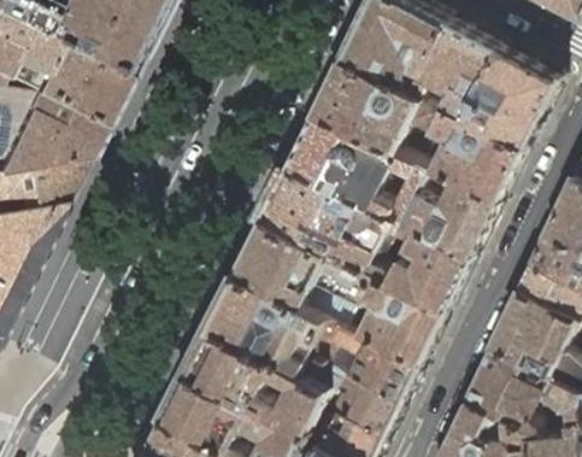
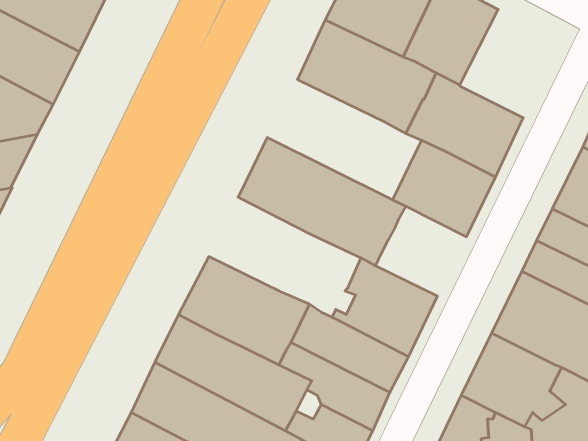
building: [460,51,552,150] -> none
building: [284,115,425,224] -> none
building: [231,222,370,332] -> none
building: [383,230,466,312] -> none

